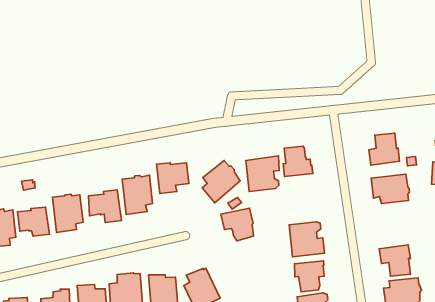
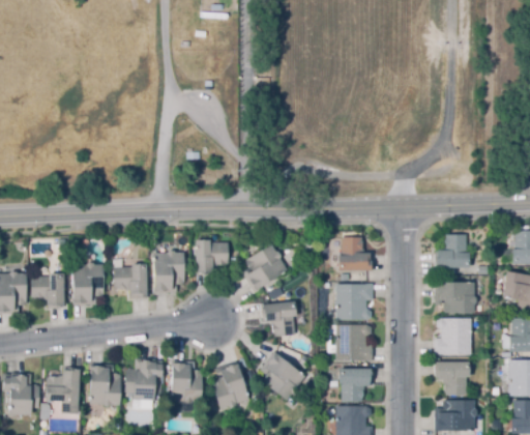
building: [246,156,279,191] -> [336,284,374,320]
building: none -> [435,318,472,354]
building: none -> [260,352,305,401]

